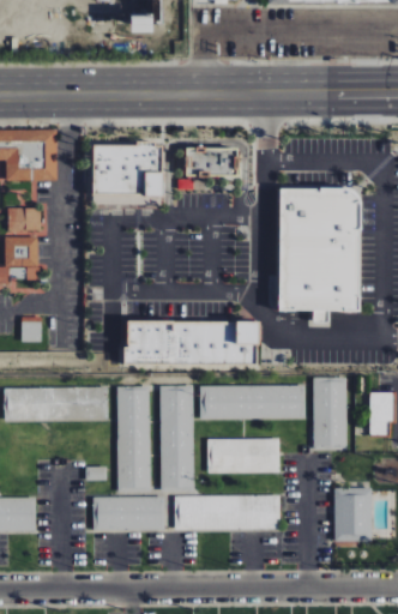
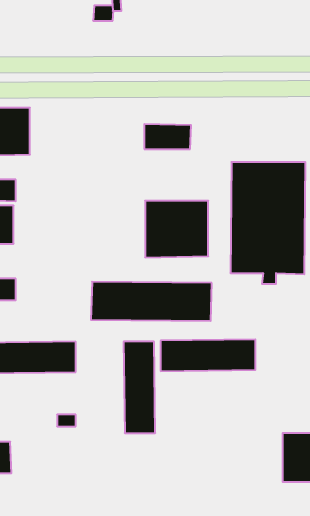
building: [91,143,161,205] -> [145,201,208,257]
building: [313,377,348,450] -> none
building: [116,386,151,489] -> none
building: [207,438,279,472] -> none
building: [174,494,281,529] -> none
building: [92,495,164,531] -> none

